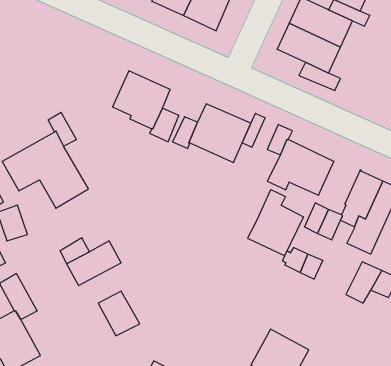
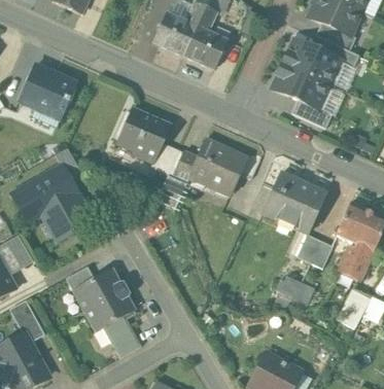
building: none -> [20,65,76,116]
building: [248,190,304,256] -> none
building: none -> [84,289,135,331]

